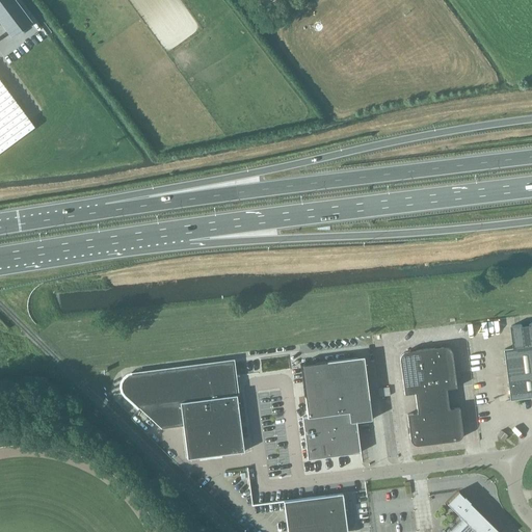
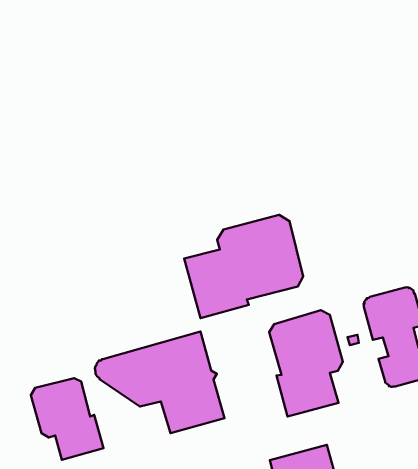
building: none -> [184,215,303,318]
building: none -> [31,378,104,460]

